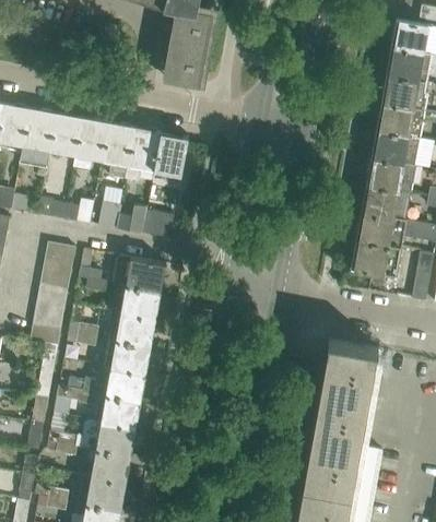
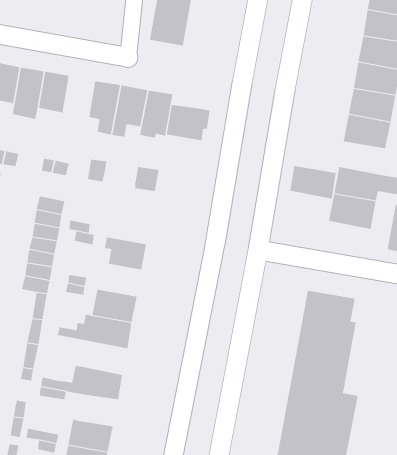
building: [72,116,107,169] -> none
building: none -> [166,104,210,141]
building: [362,185,411,220] -> [289,166,337,199]
building: [116,203,149,233] -> none
building: [114,254,167,292] -> none
building: [107,310,156,346] -> none
building: [58,385,142,428] -> none
building: [87,448,132,482] -> none

